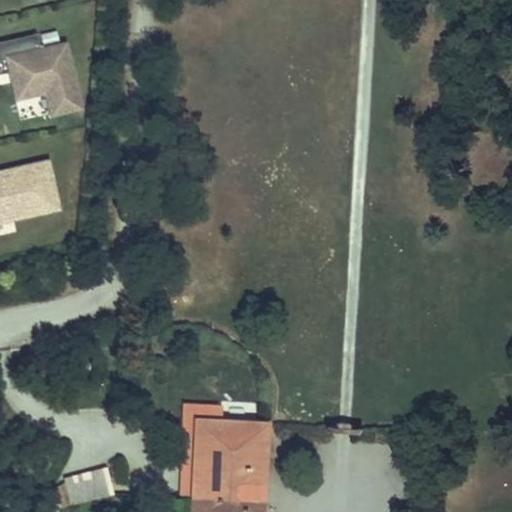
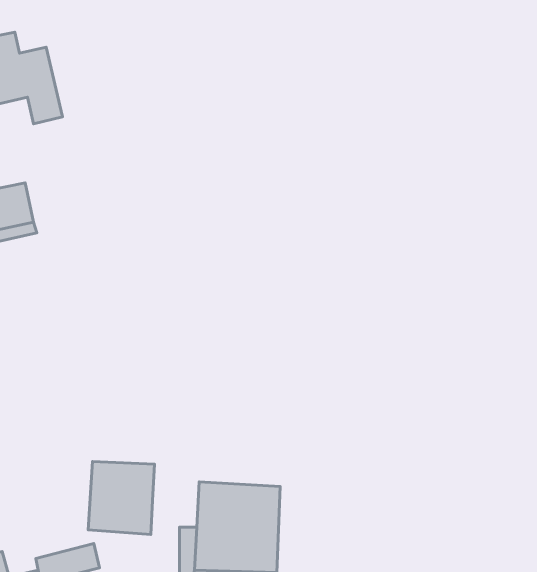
building: none -> [88,461,155,535]

